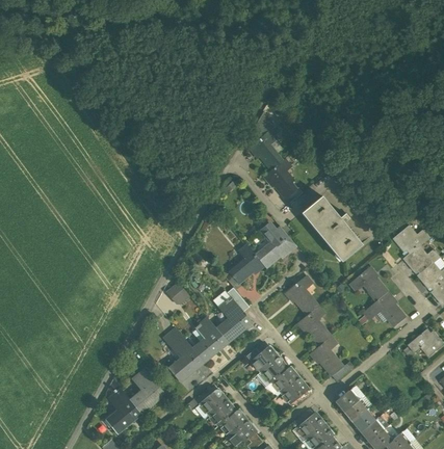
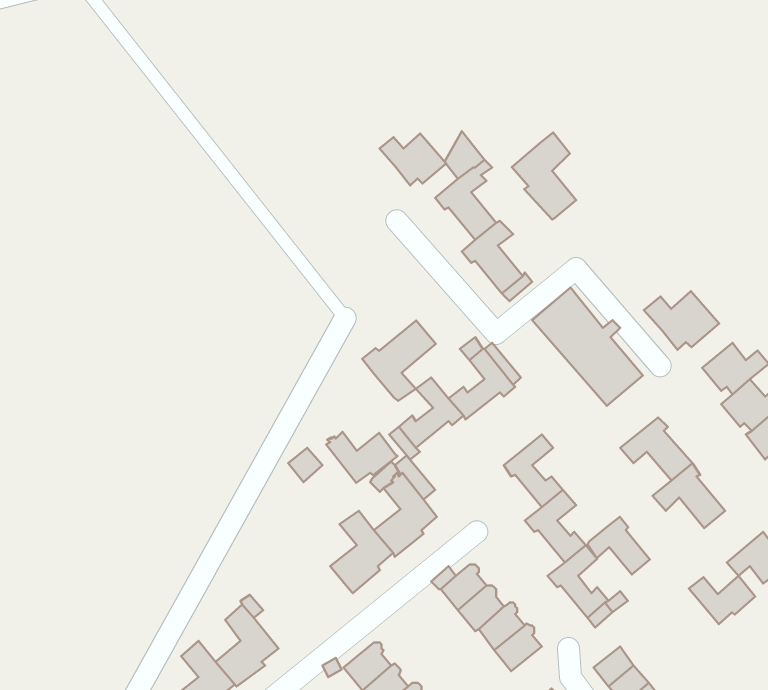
building: none -> [512,132,576,220]
building: none -> [380,134,446,185]
building: none -> [644,291,719,350]
building: none -> [362,320,436,401]
building: none -> [326,432,398,483]
building: none -> [587,517,650,574]
building: [167,337,202,381] -> none
building: none -> [689,576,755,624]

